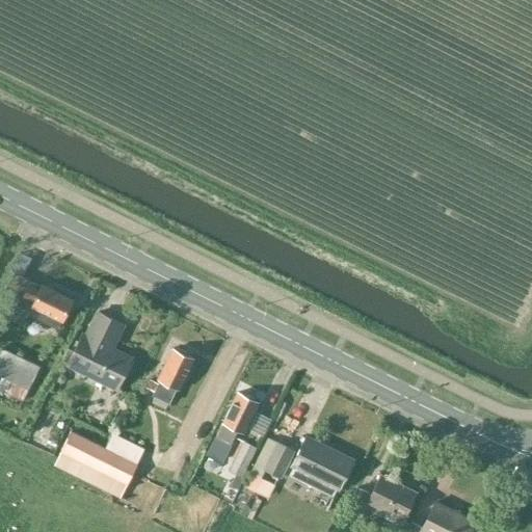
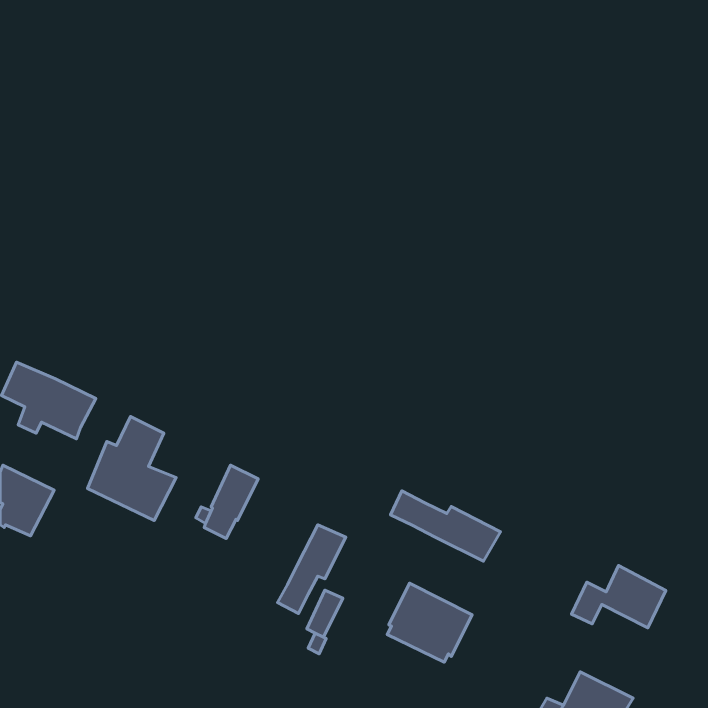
building: none -> [390,491,501,561]
building: [55,431,145,499] -> none
building: [250,438,293,481] -> none
building: [346,475,417,522] -> [571,566,666,628]

